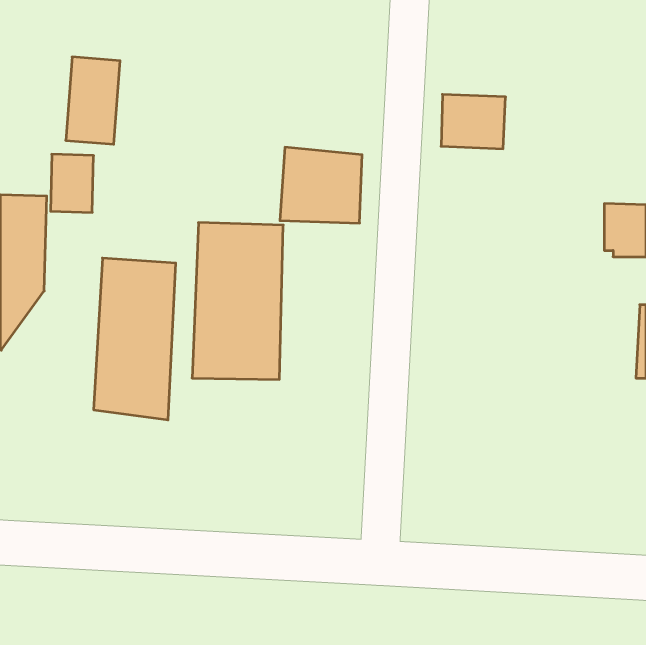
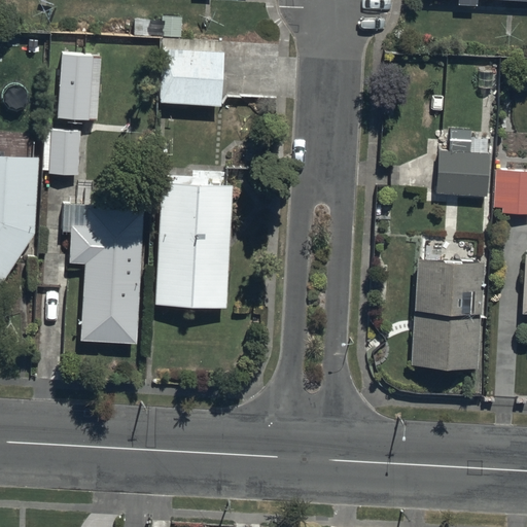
building: [441,94,506,149] -> [434,148,487,192]
building: [280,147,362,223] -> [156,48,223,110]
building: none -> [412,260,483,373]

